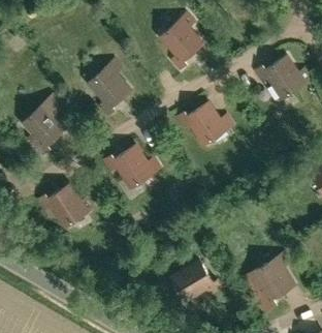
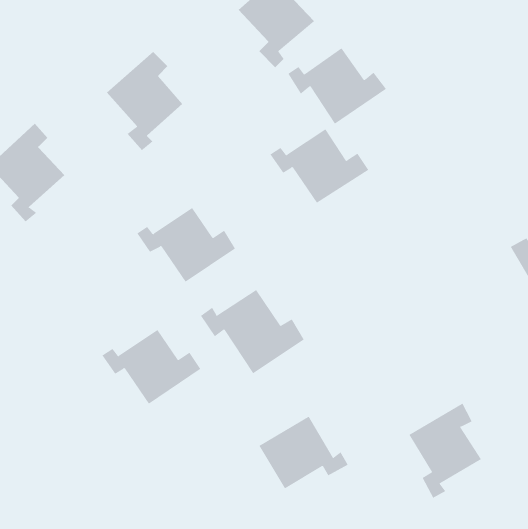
building: [255,56,310,98] -> [287,48,387,125]
building: [37,185,92,226] -> [102,329,201,404]
building: none -> [200,289,304,374]

